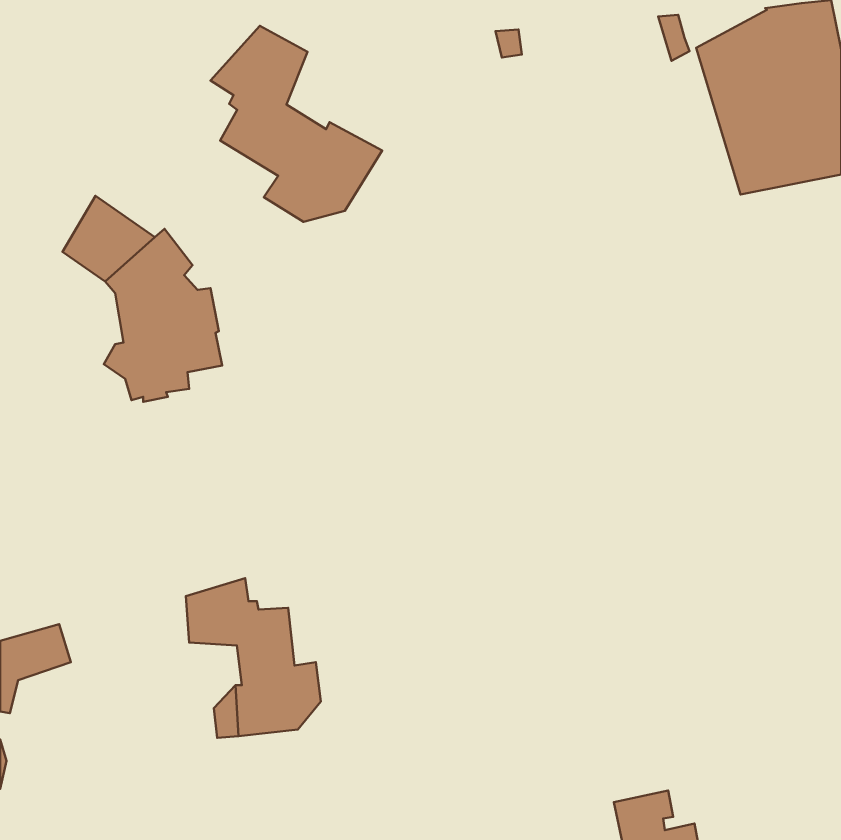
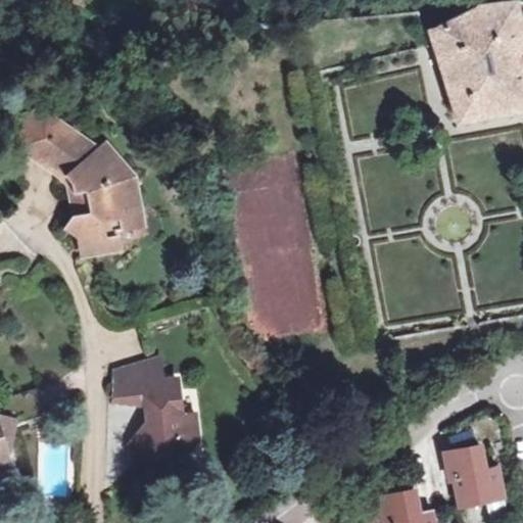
building: [211,26,382,222] -> none
building: none -> [20,107,59,157]
building: none -> [446,447,502,505]

